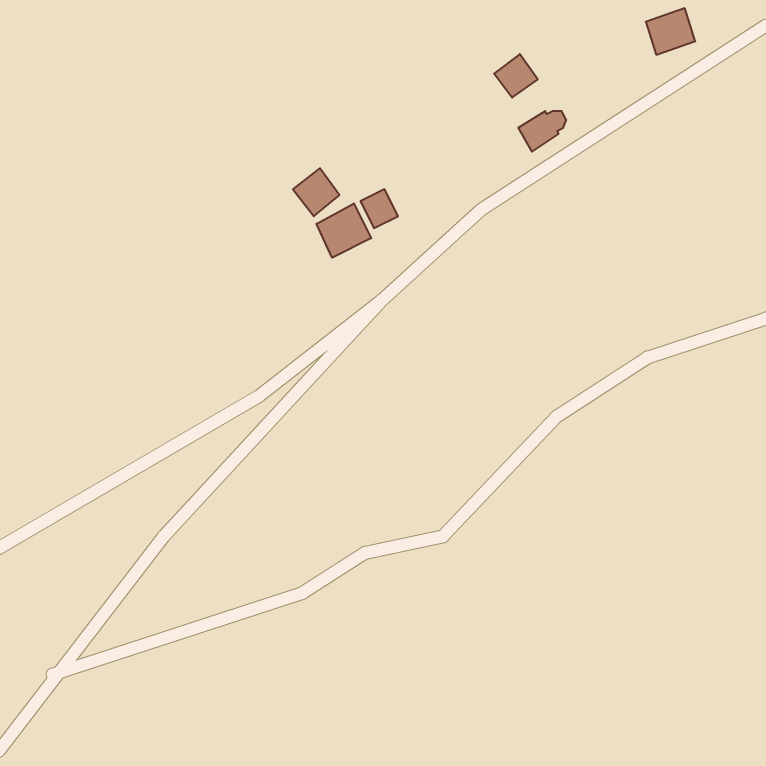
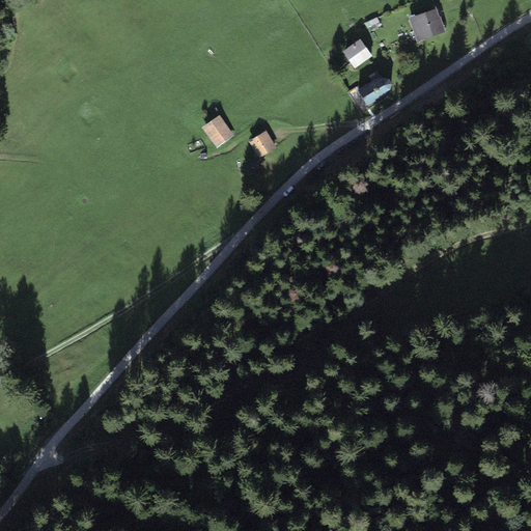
building: [646,8,695,55] -> [409,7,443,39]
building: [316,203,371,258] -> none

